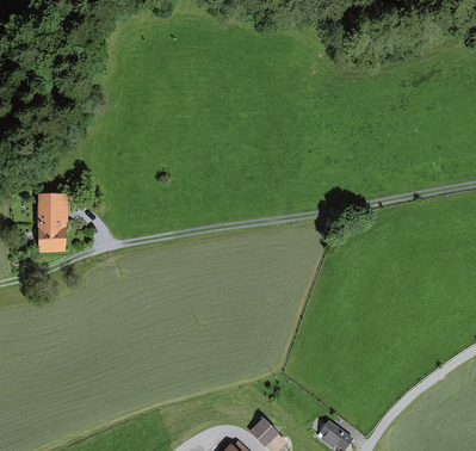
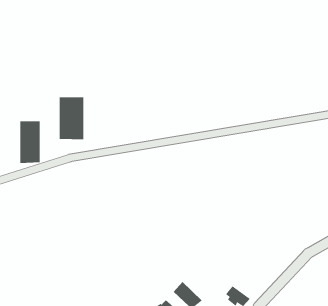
building: none -> [59,96,84,140]

